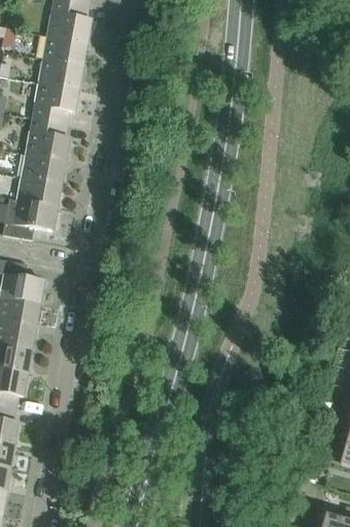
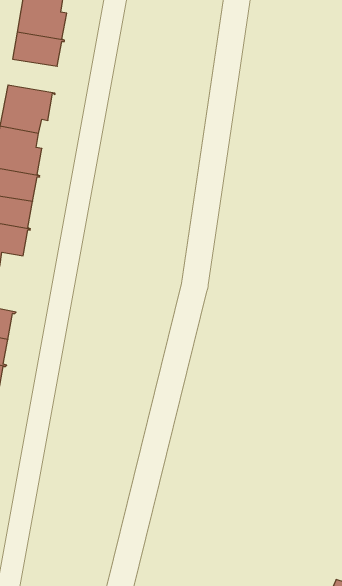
building: [39,59,82,89] -> none

